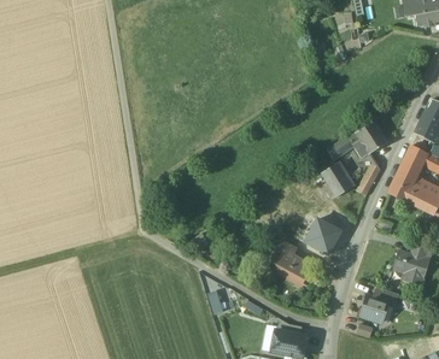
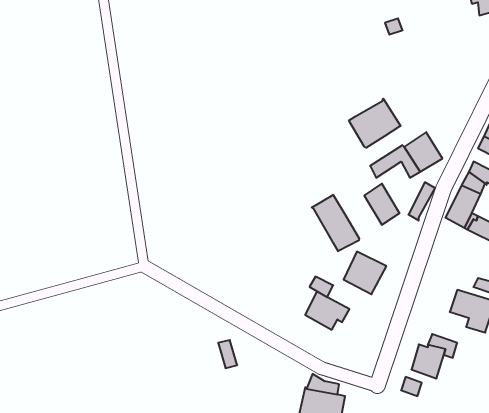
building: none -> [349,99,401,148]
building: none -> [312,195,359,251]

